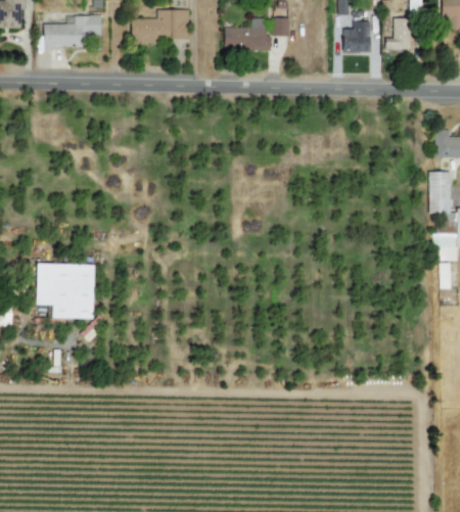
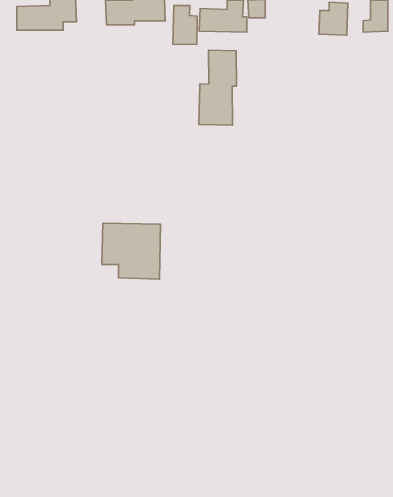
building: none -> [173,6,197,45]
building: none -> [199,50,237,125]
building: [36,263,94,318] -> [102,223,161,279]

